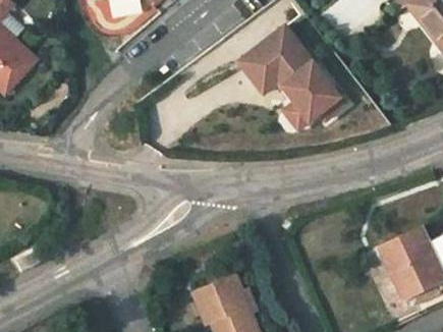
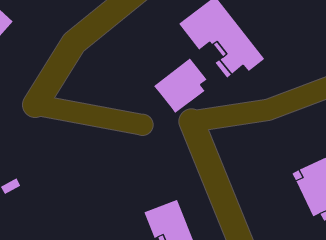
building: none -> [153,57,208,114]

